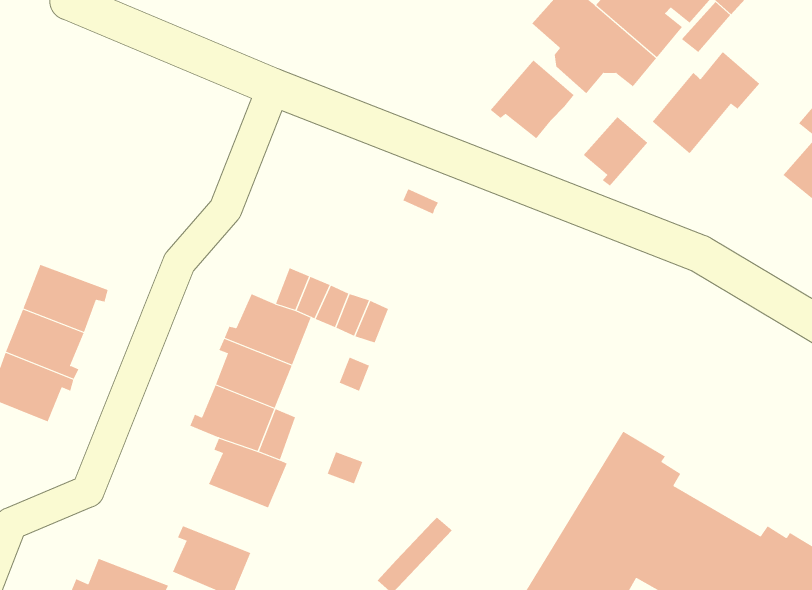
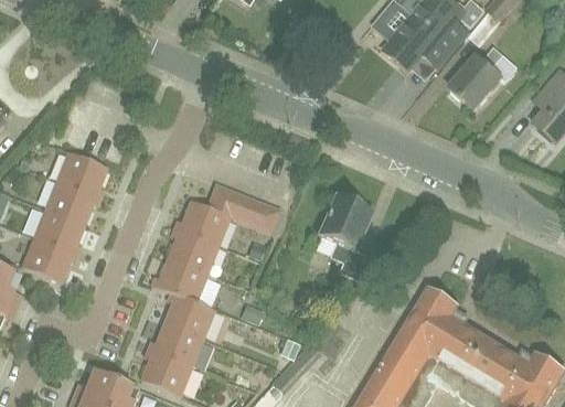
building: [490,59,574,139] -> none
building: [583,116,648,187] -> none
building: none -> [55,151,107,197]
building: none -> [319,194,369,275]
building: none -> [147,322,202,366]

